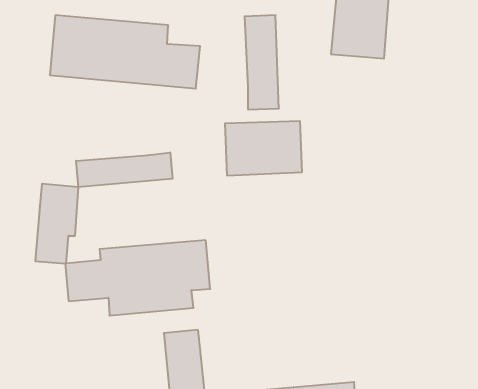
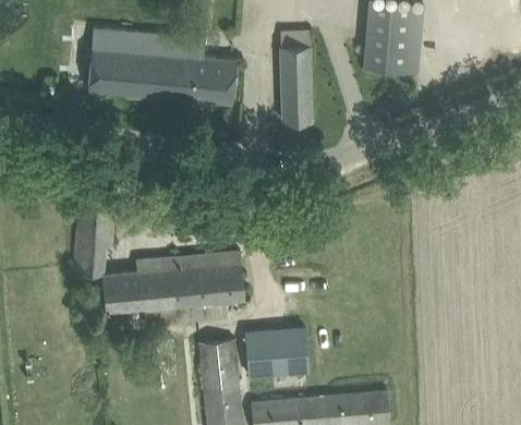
building: [225,121,302,176] -> none
building: [76,152,172,187] -> none
building: none -> [244,328,308,377]

